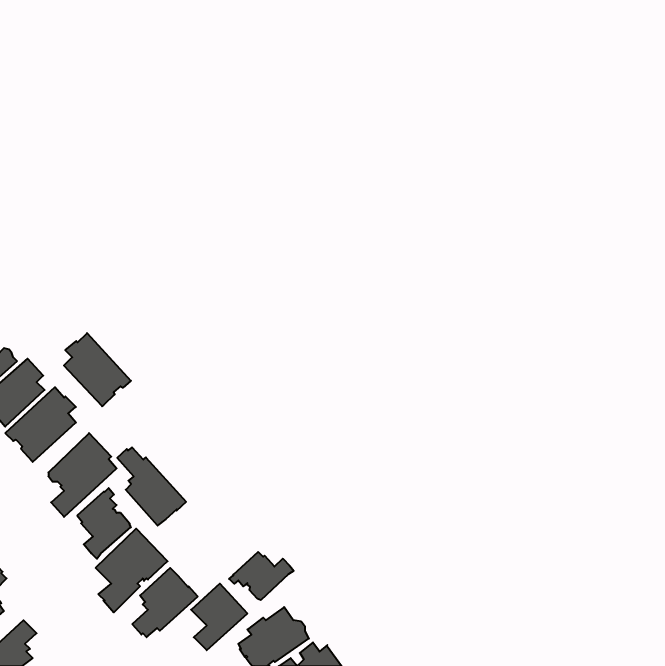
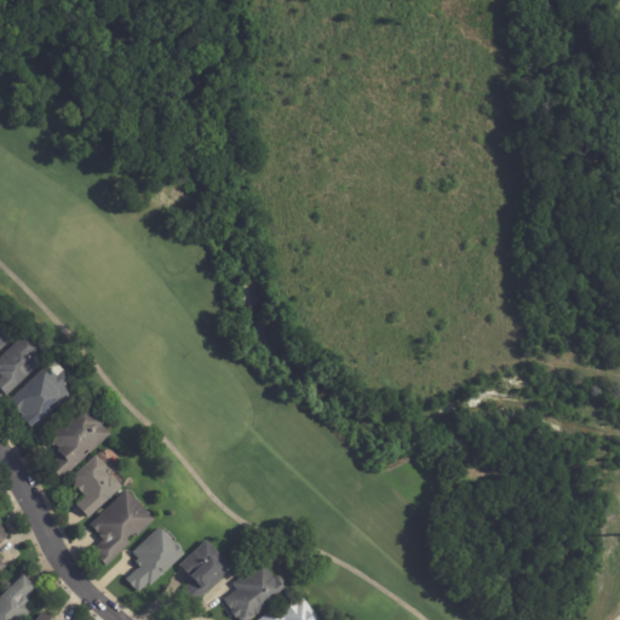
building: [64,333,131,406] -> none
building: [117,447,186,526] -> none
building: [229,552,294,600] -> none

